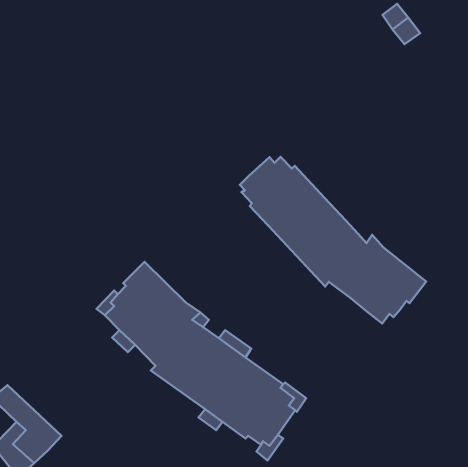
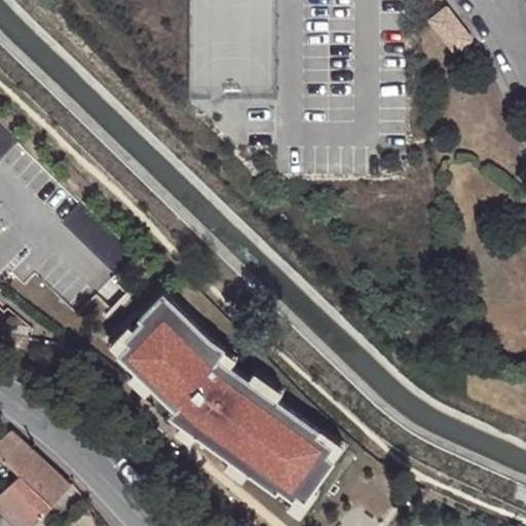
building: [240,157,426,323] -> none

